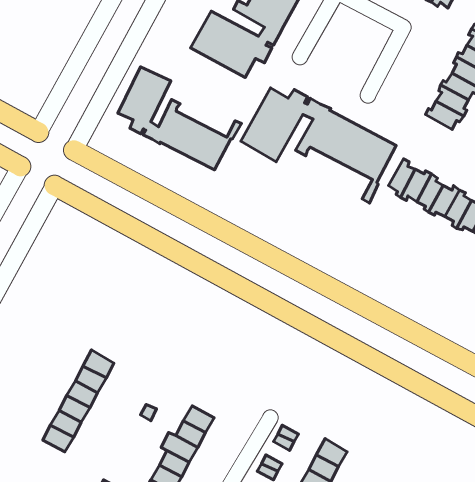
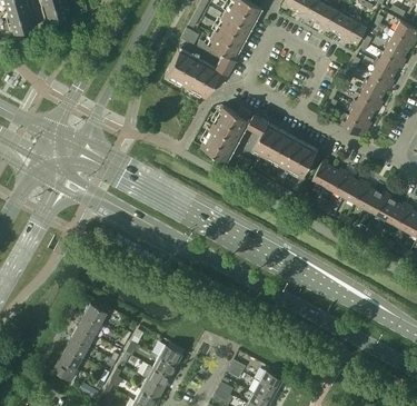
building: [118,67,241,170] -> none

